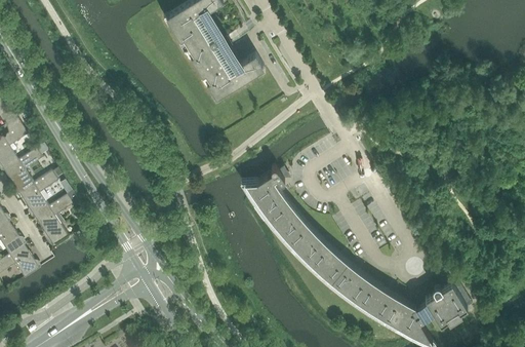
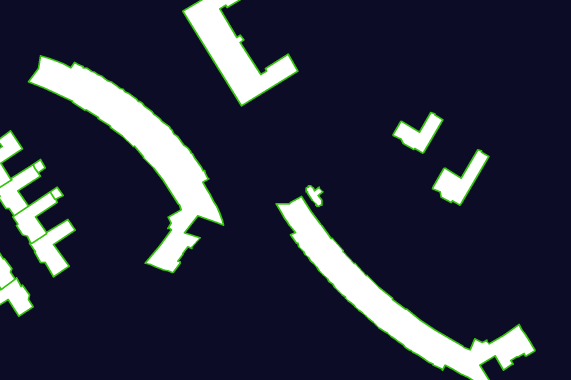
building: none -> [29,56,223,272]
building: none -> [393,113,443,153]
building: none -> [433,150,489,205]

